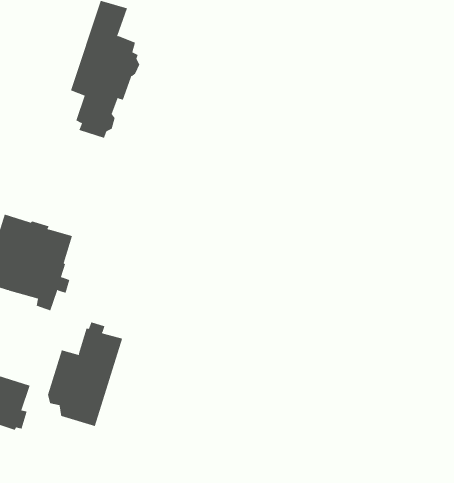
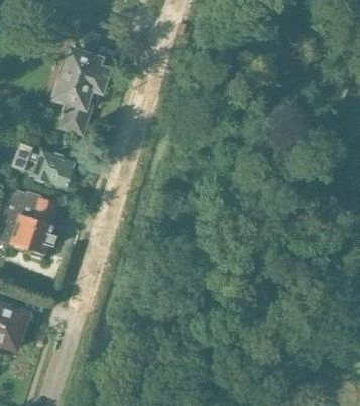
building: none -> [8,142,73,185]
building: [47,321,123,427] -> none

